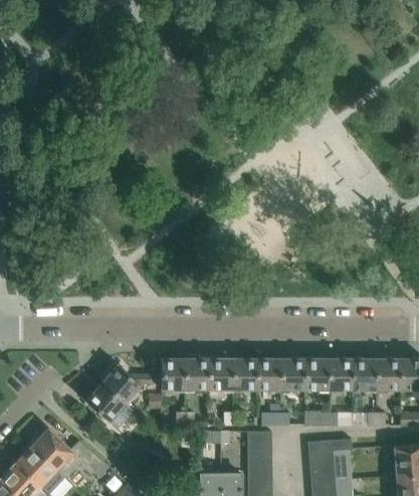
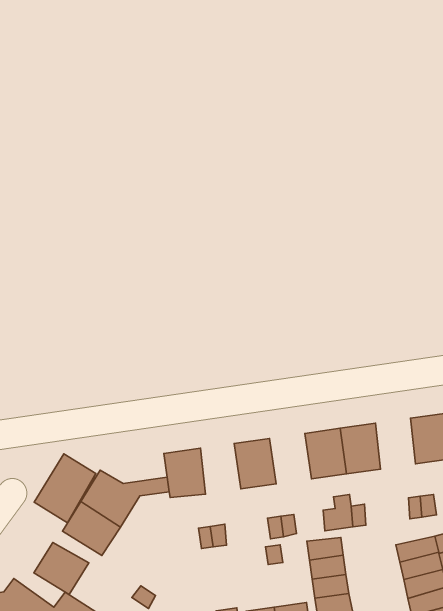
building: none -> [34,454,96,523]
building: [184,359,208,390] -> none
building: [232,359,256,390] -> none
building: [303,359,329,390] -> none
building: none -> [34,542,89,595]

